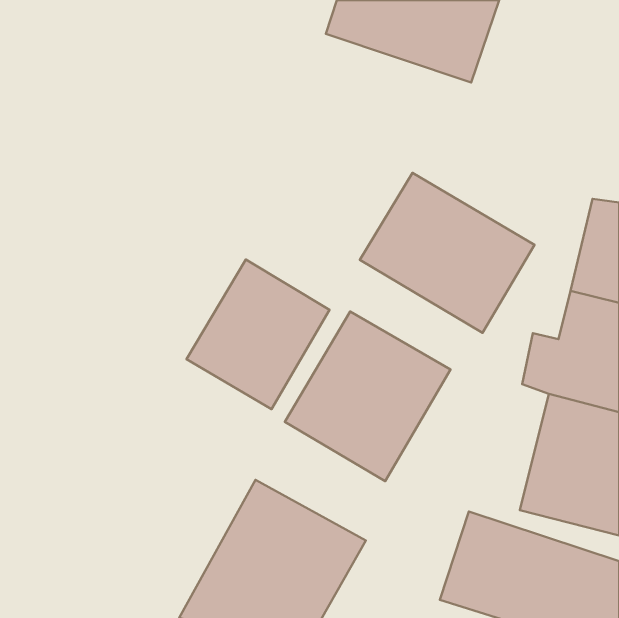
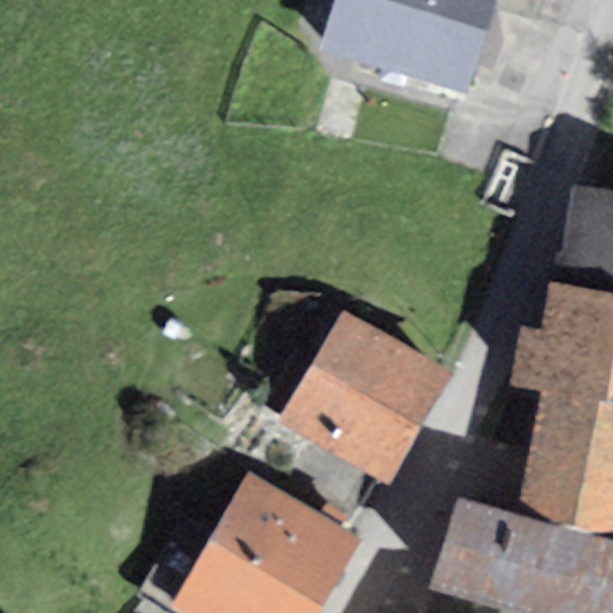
building: [360,173,534,333] -> none
building: [187,259,330,409] -> none

